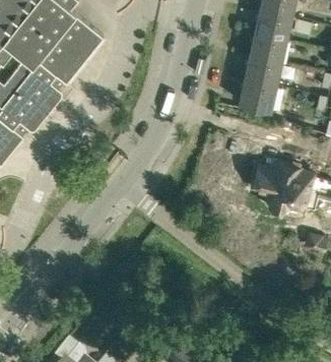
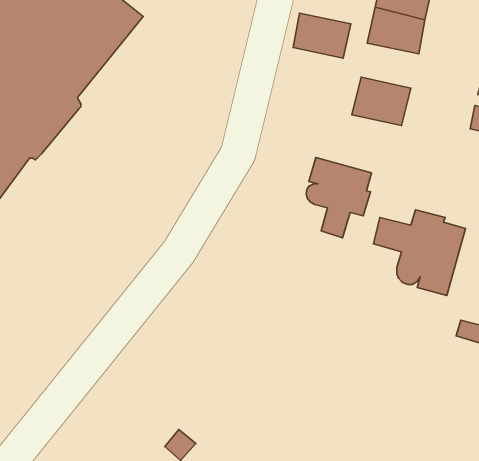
building: [246,53,283,82] -> [293,13,351,58]
building: none -> [306,157,371,238]

